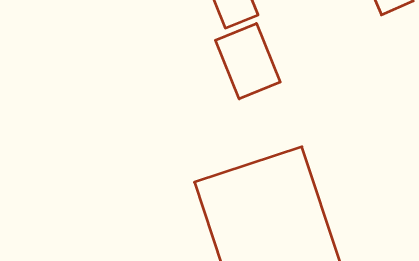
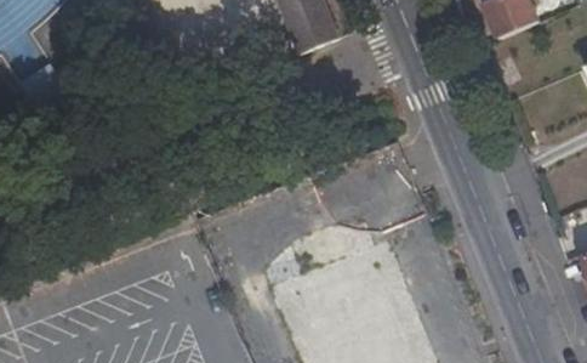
building: [215,23,280,99] -> none

